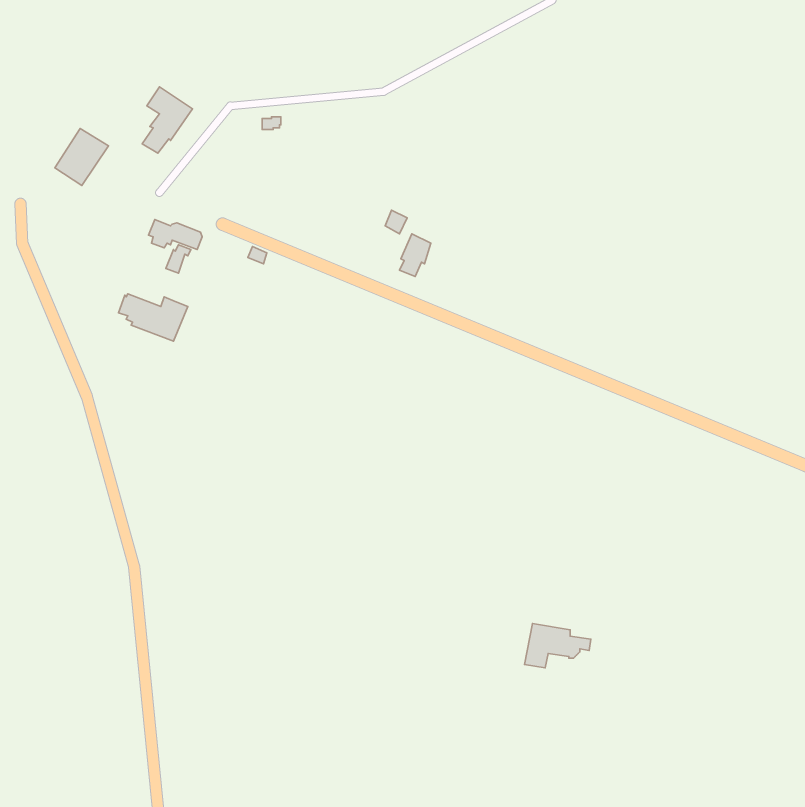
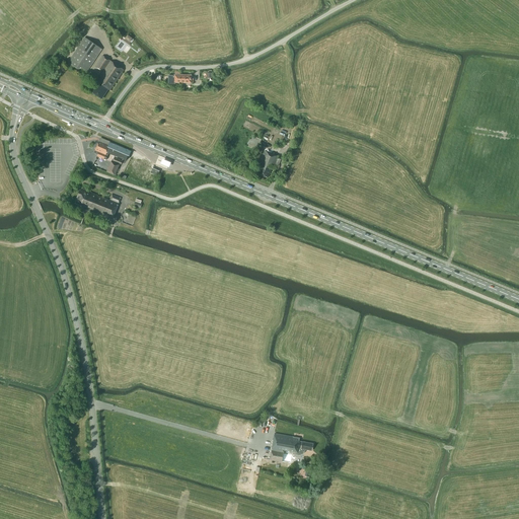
building: [55,128,109,185] -> [69,38,103,74]
building: [525,623,591,668] -> [271,433,313,461]

